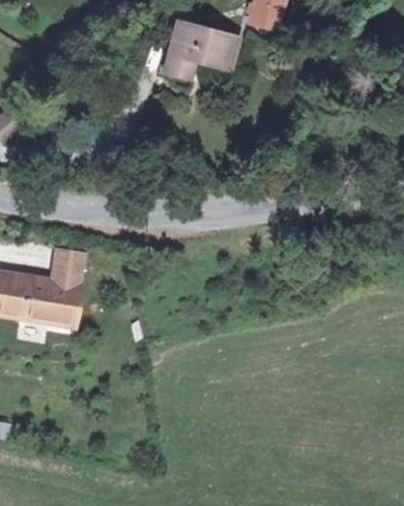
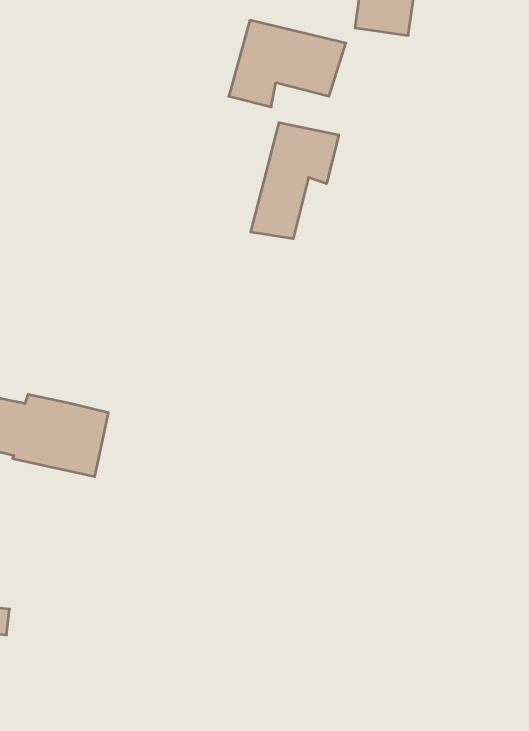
building: none -> [251,123,339,239]
building: [54,249,87,287] -> none

